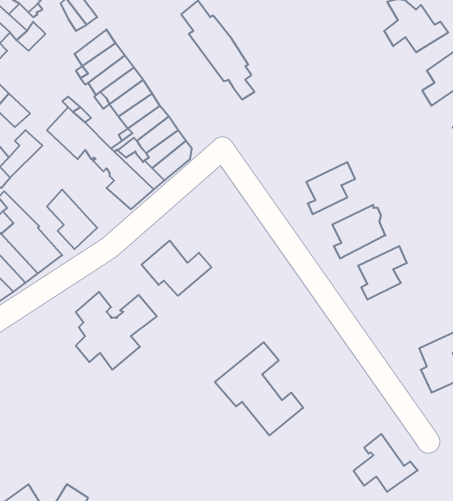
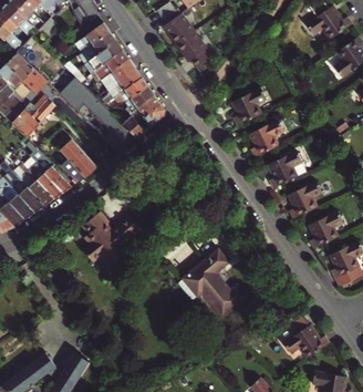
building: none -> [231,86,266,125]
building: [142,241,211,296] -> none
building: none -> [308,210,343,249]

